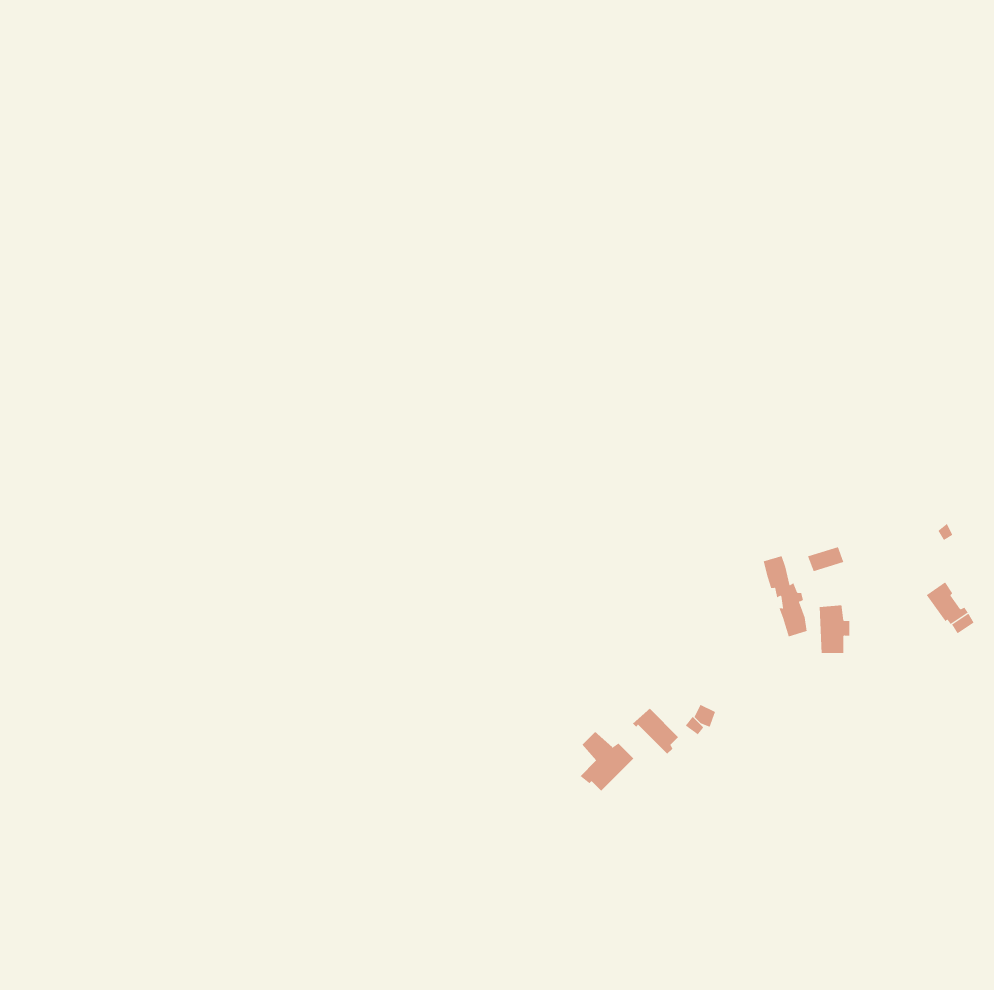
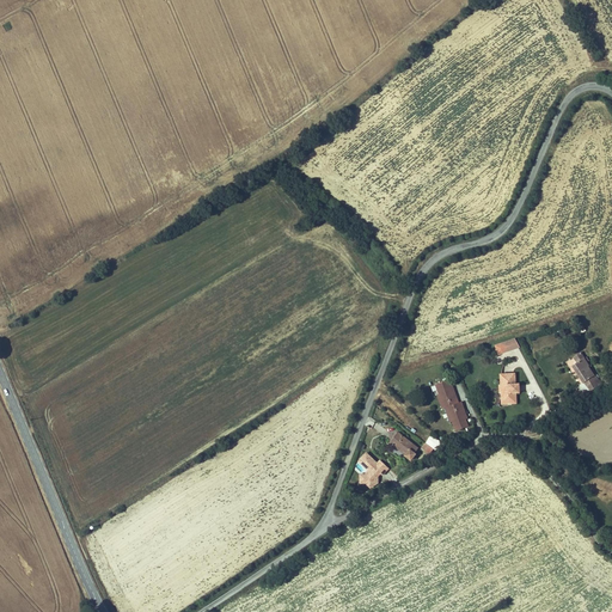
building: [763,555,808,637] -> [437,381,465,432]

